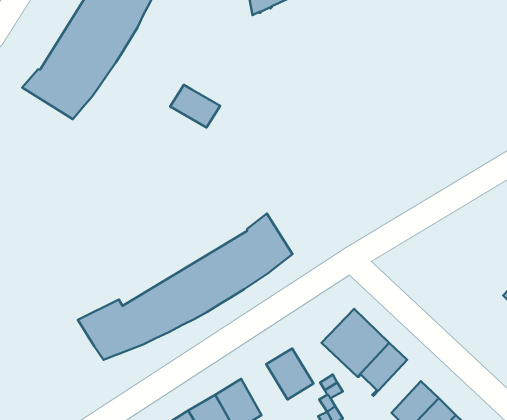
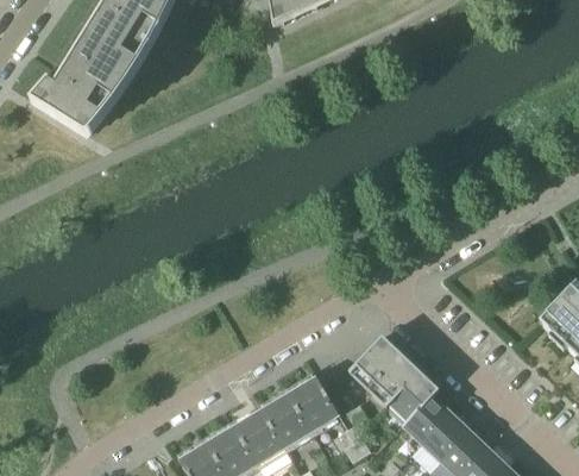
building: [170,85,220,128] -> none
building: [78,213,293,360] -> none
building: none -> [402,387,452,443]
building: none -> [263,392,311,445]

